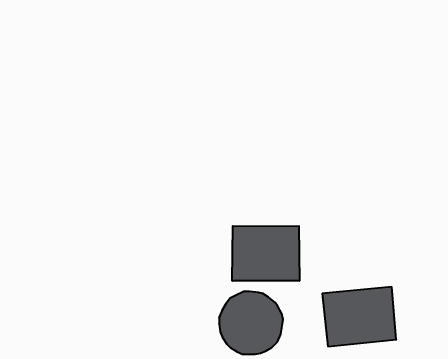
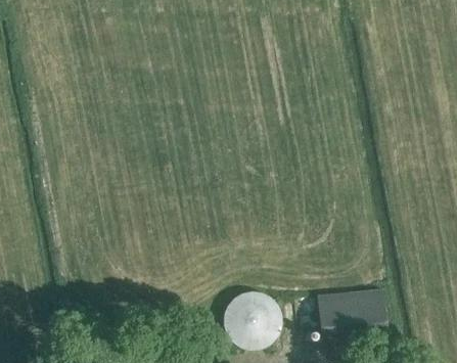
building: [232,226,299,281] -> none

